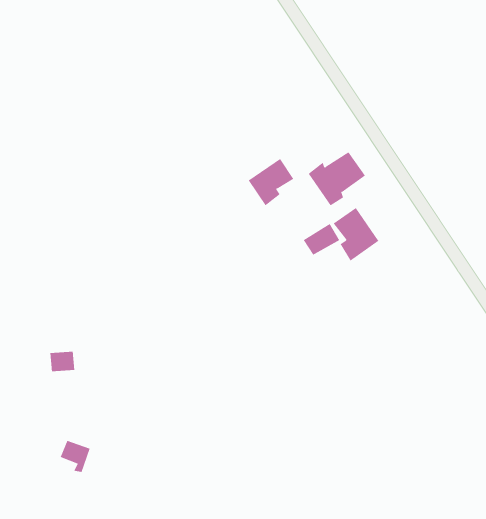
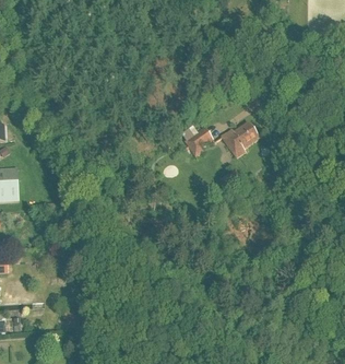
building: [333,207,379,261] -> none

